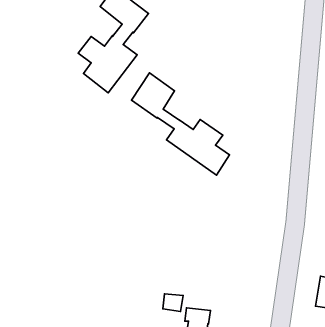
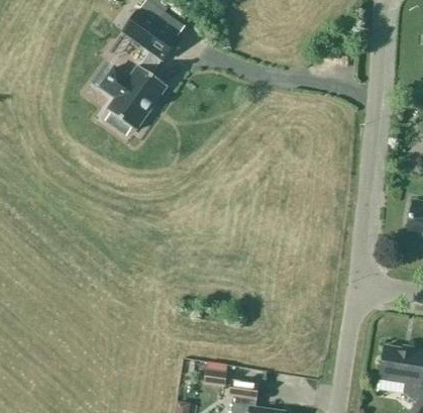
building: [131,73,229,175] -> none

